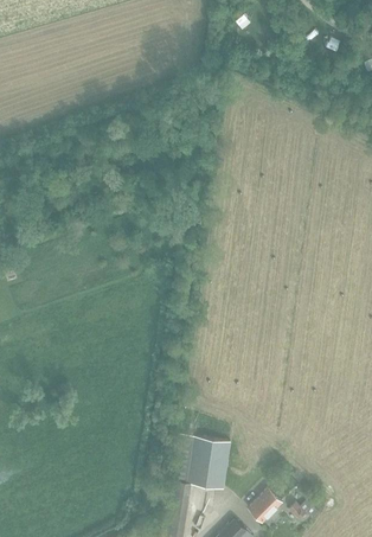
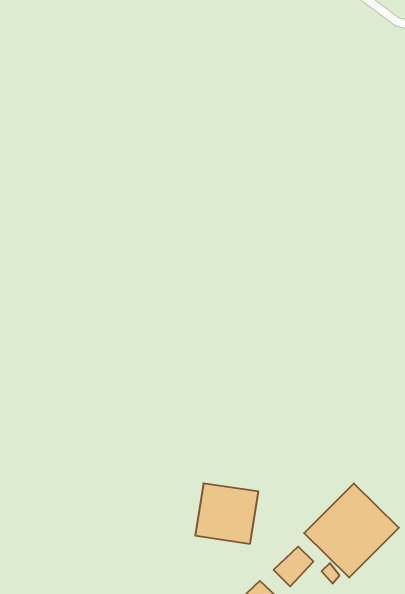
building: none -> [304,483,399,578]

